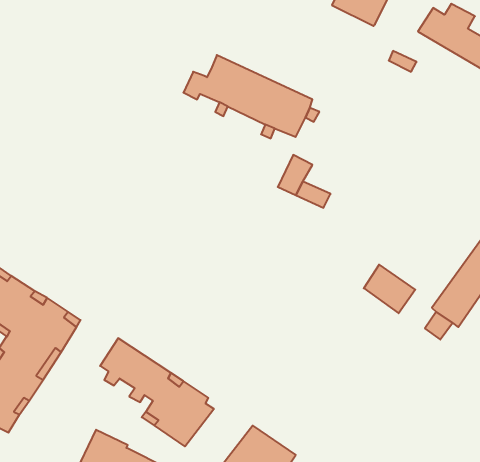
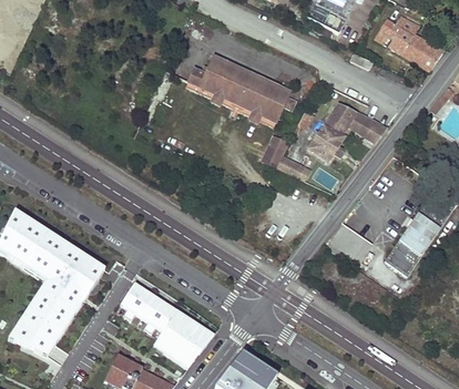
building: none -> [307,102,387,162]

